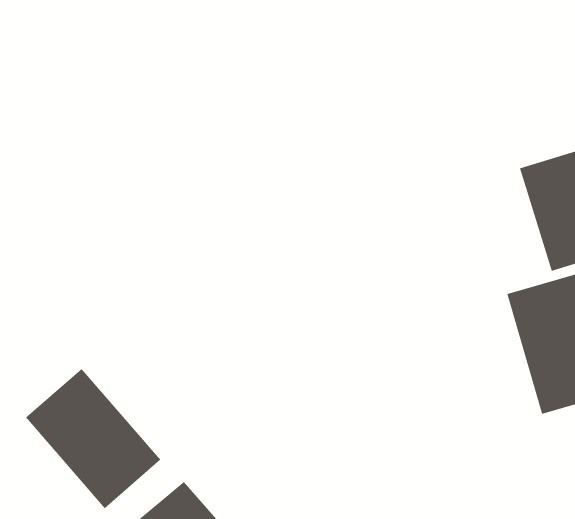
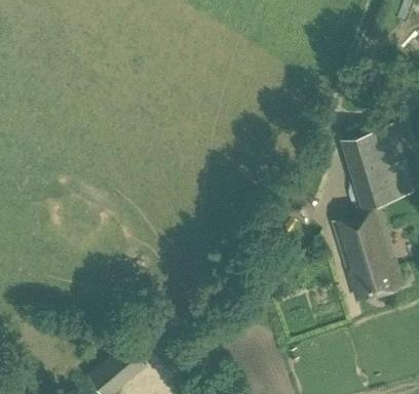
building: [25,368,161,509] -> none

